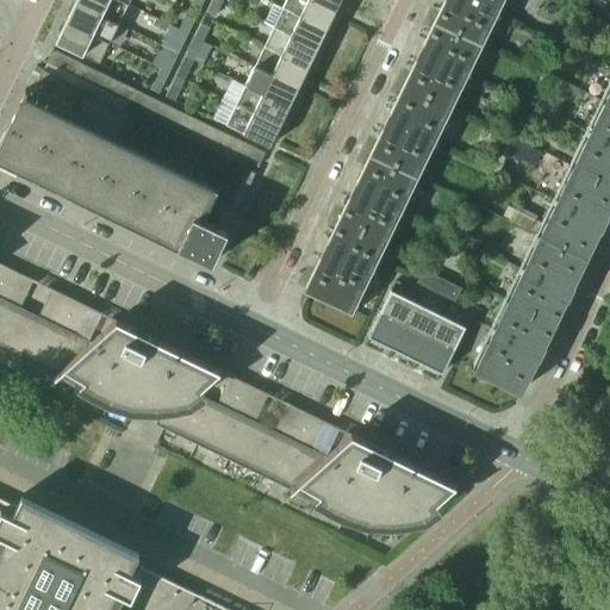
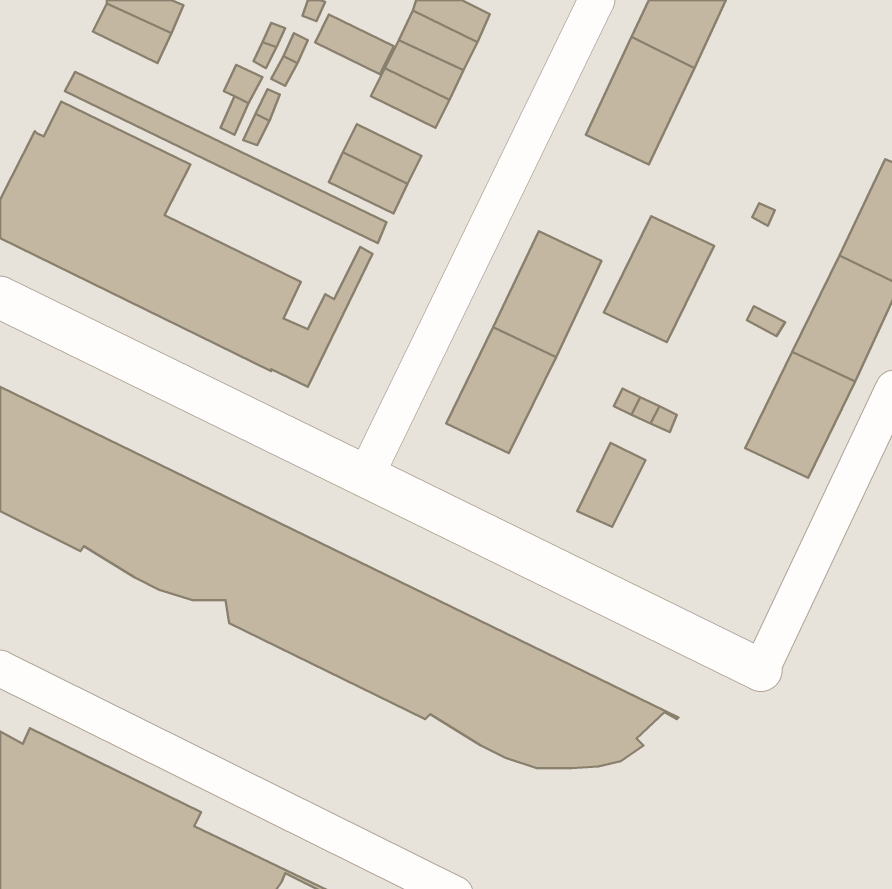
building: [55,25,108,67] -> none
building: [244,69,298,110] -> [315,15,394,74]
building: [368,95,443,181] -> [604,216,714,342]
building: [371,293,417,351] -> none
building: [478,309,552,394] -> none
building: [418,317,465,374] -> none

